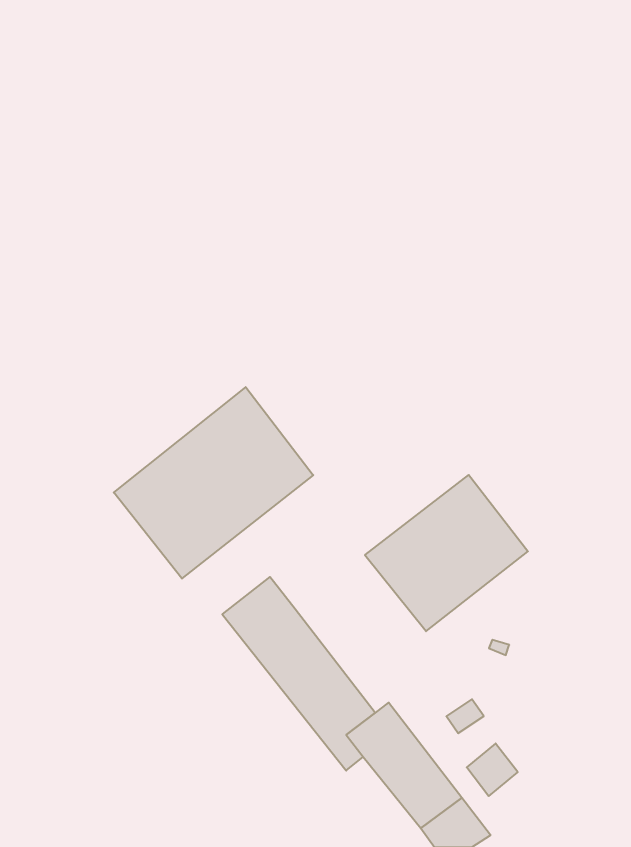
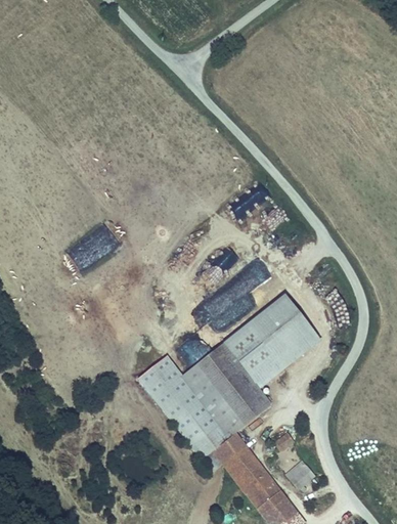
building: [114,387,313,579] -> none
building: none -> [181,342,272,437]

